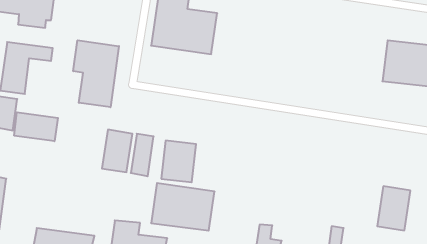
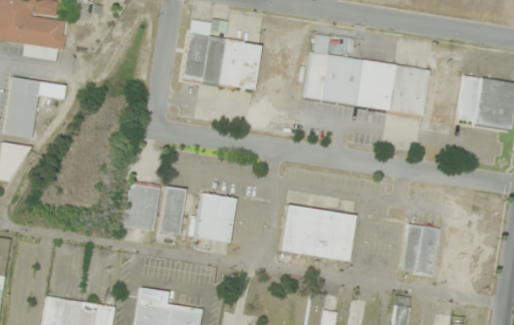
building: none -> [304,52,430,116]
building: [73,40,119,107] -> none
building: [14,112,58,141] -> none
building: [151,183,215,231] -> [280,205,355,261]
building: [377,186,410,230] -> [401,224,440,276]

